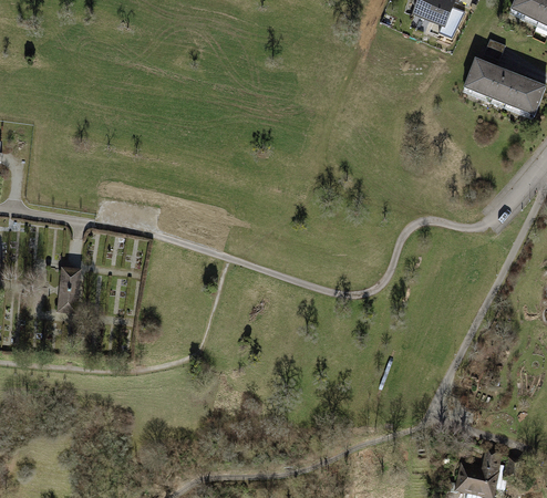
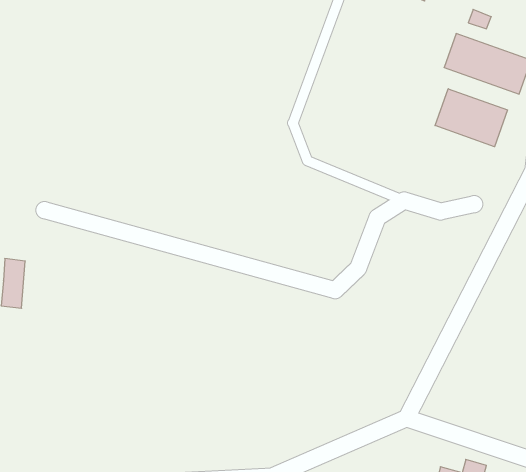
building: none -> [435,89,508,147]

